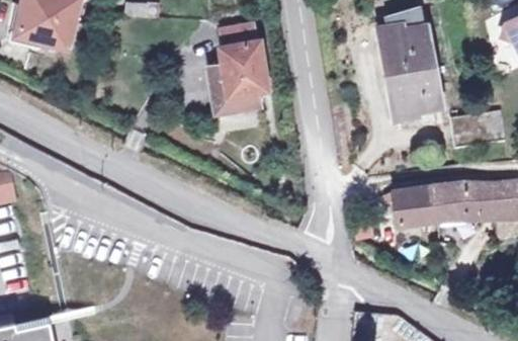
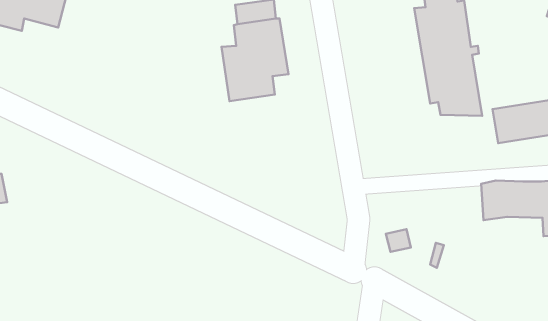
building: [394,184,441,222] -> none

